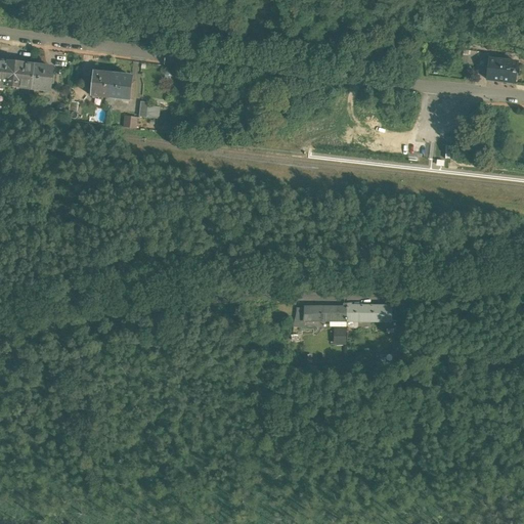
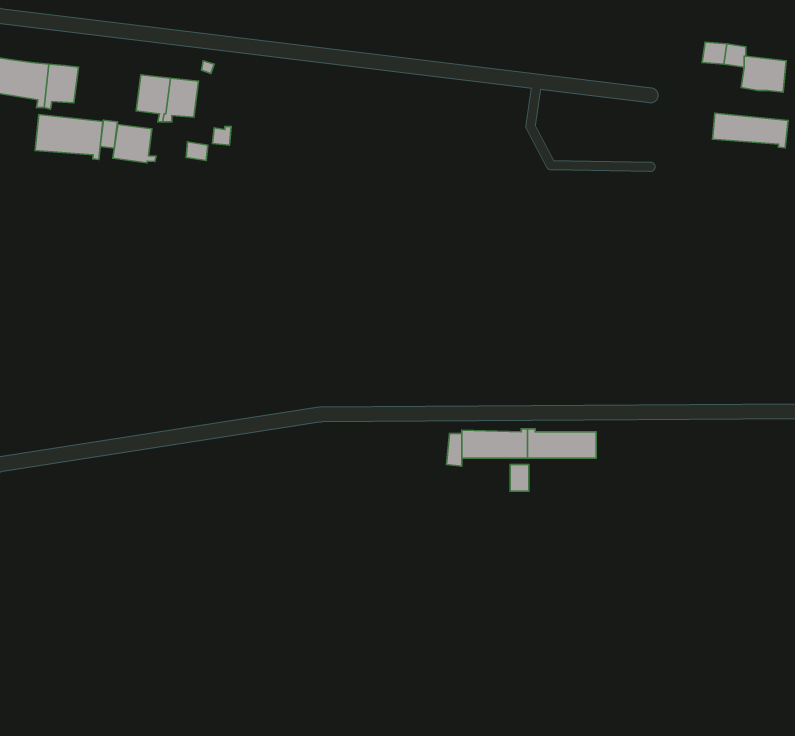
building: none -> [712,113,788,148]
building: none -> [35,115,103,159]
building: none -> [113,124,156,163]

